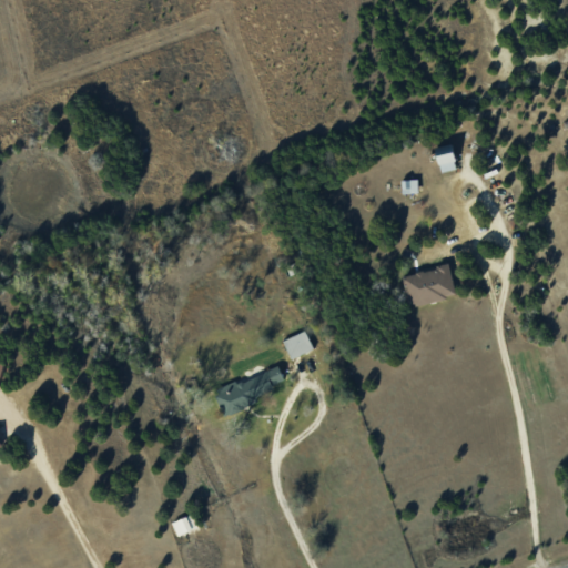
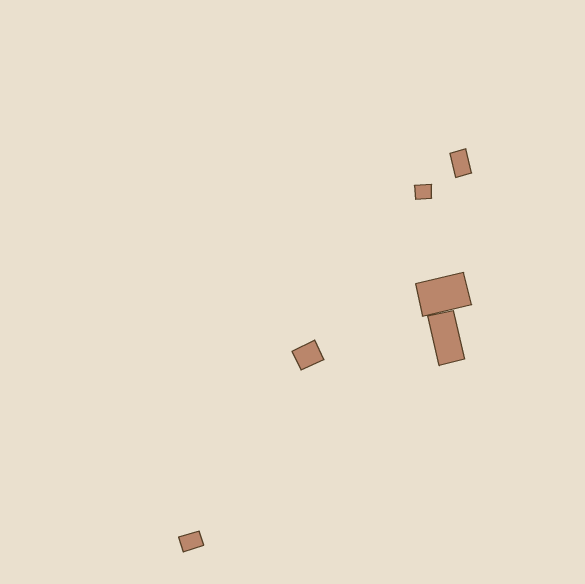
building: none -> [428,311,464,366]
building: [215,365,287,414] -> none

